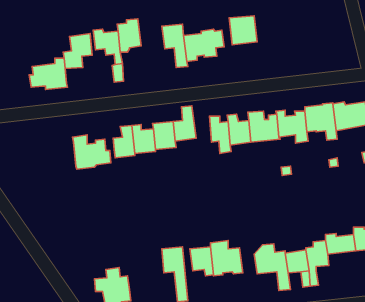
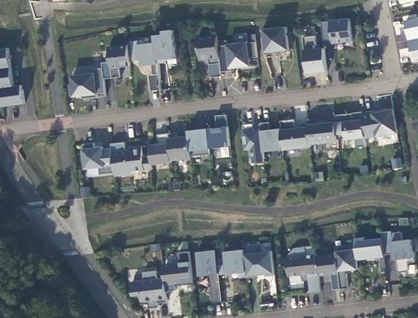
building: none -> [320,18,351,44]
building: none -> [302,35,326,72]
building: none -> [82,143,113,174]
building: none -> [163,251,192,291]

